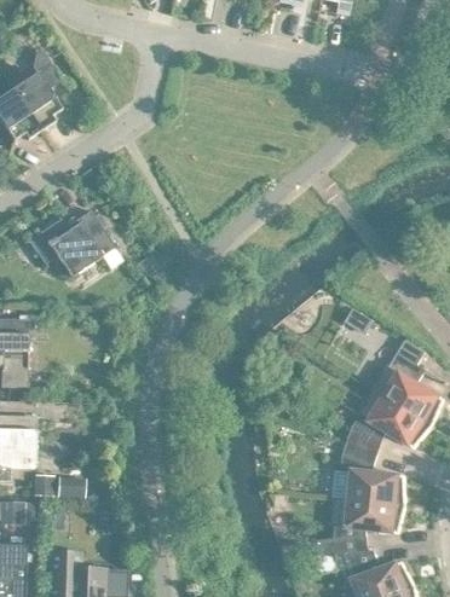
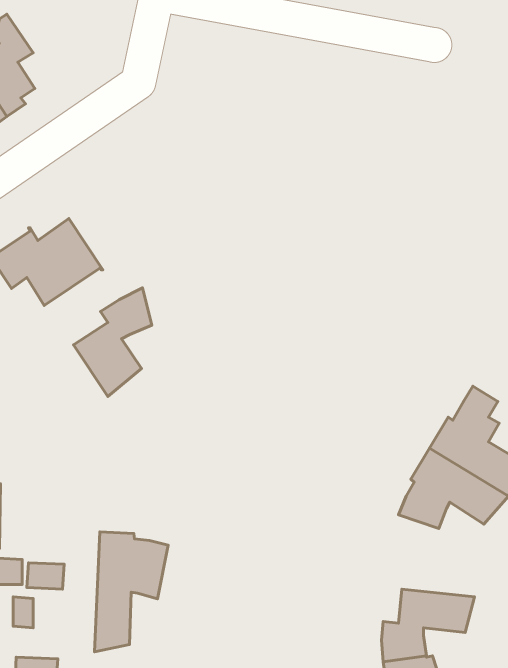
building: none -> [74,288,152,397]
building: [340,440,405,504] -> none
building: none -> [95,532,168,652]

